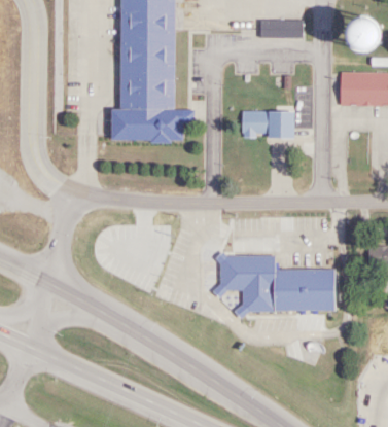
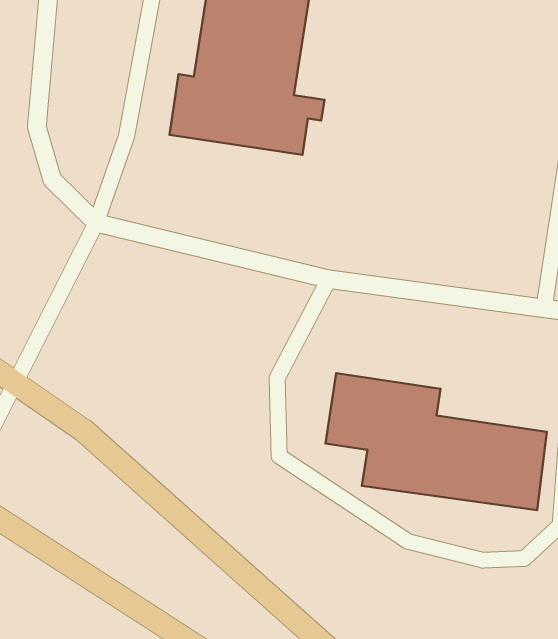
building: [242,110,294,137] -> none

